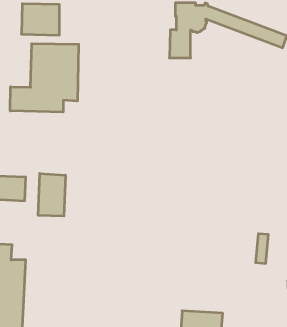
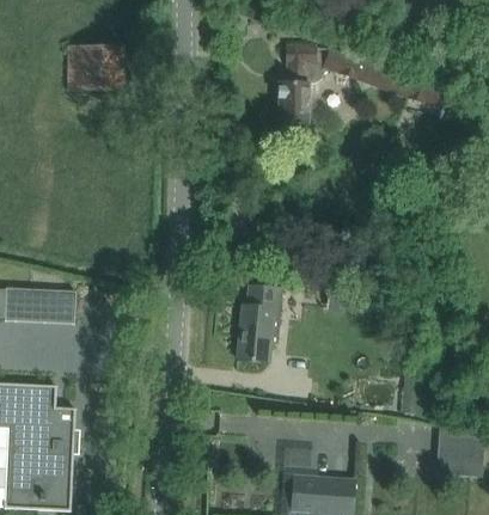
building: [10,44,79,112] -> none
building: none -> [236,284,282,362]
building: [38,173,65,216] -> none

